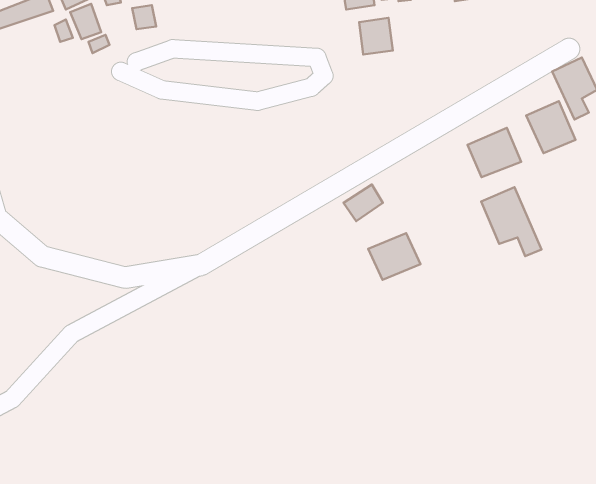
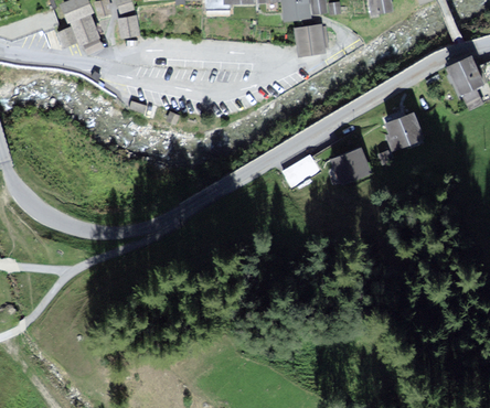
building: [526,101,575,153] -> none
building: [481,187,541,256] -> none
building: [368,233,420,280] -> [330,148,371,184]

